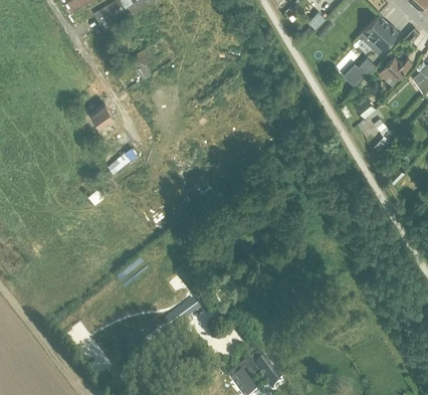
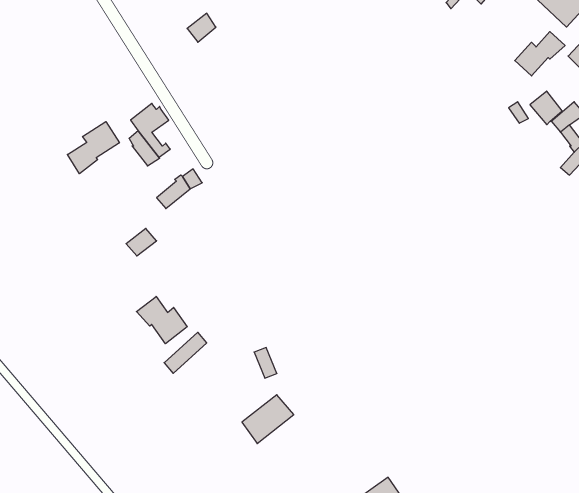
building: none -> [67,122,119,174]
building: none -> [136,296,187,344]

